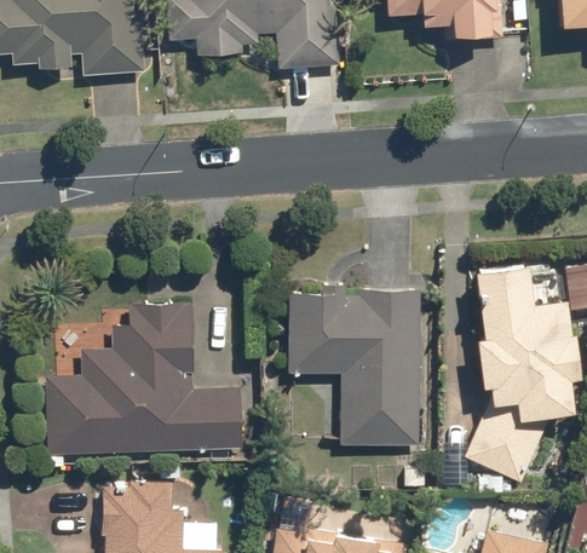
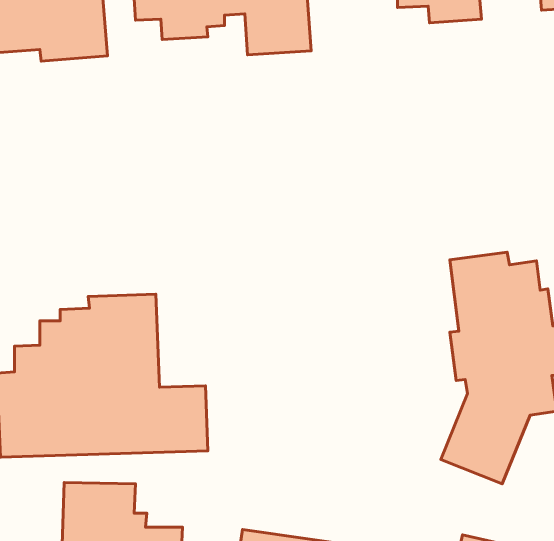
building: [287,284,421,445] -> none

